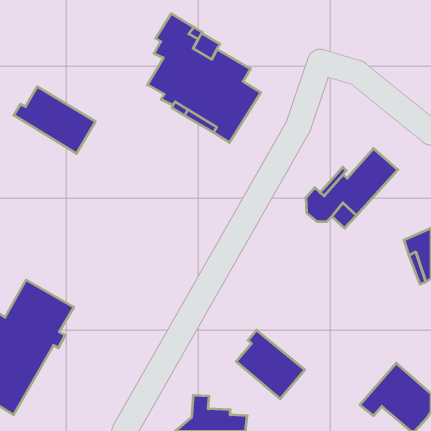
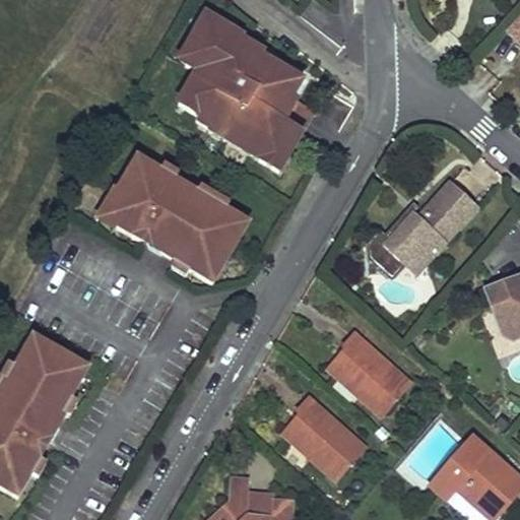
building: [14,87,95,154] -> none
building: none -> [98,155,248,283]
building: none -> [328,329,411,413]

